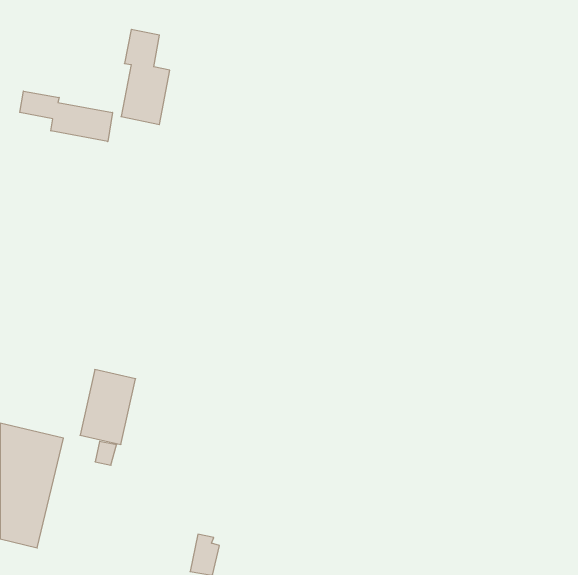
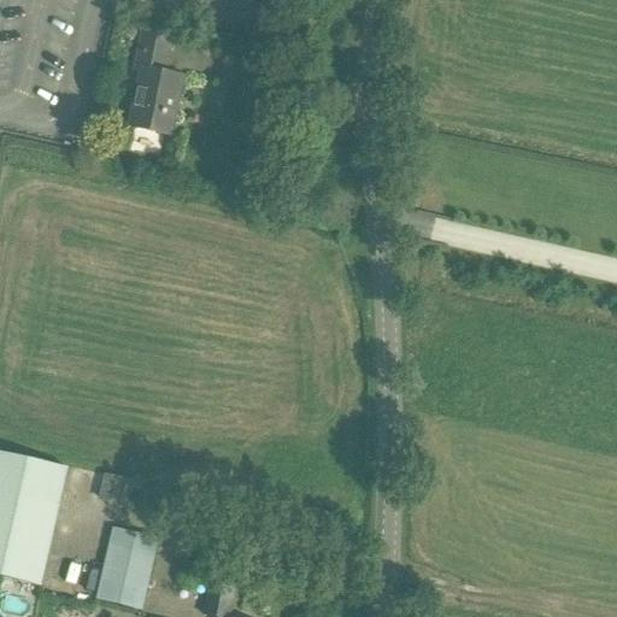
building: [20,91,112,142] -> none
building: [80,370,136,444] -> [96,523,155,603]

